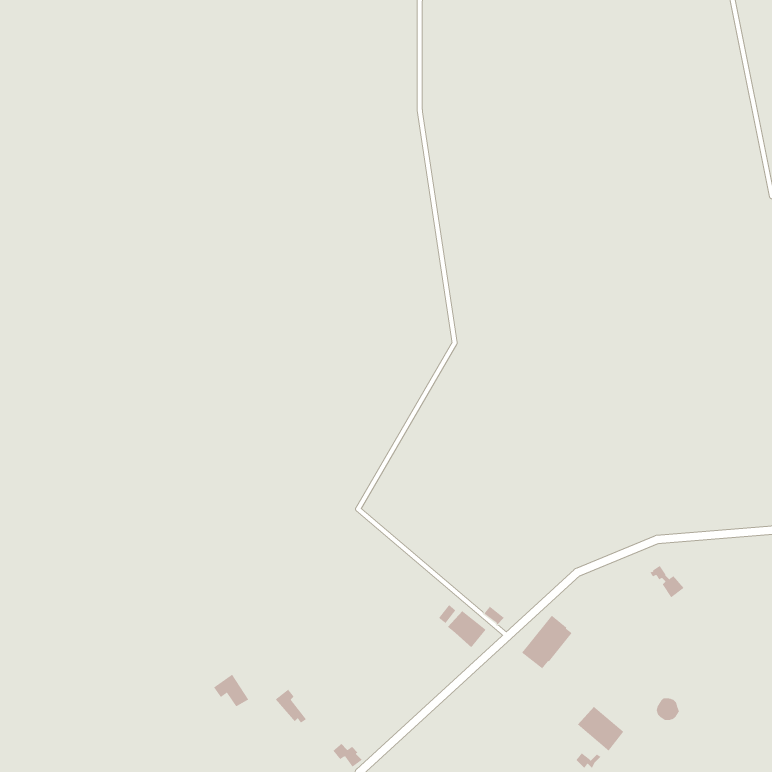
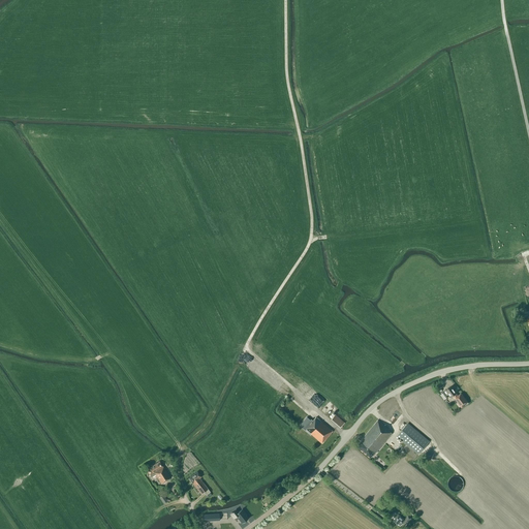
building: [577,706,624,752] -> [397,424,429,455]

